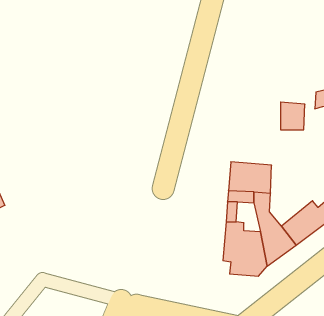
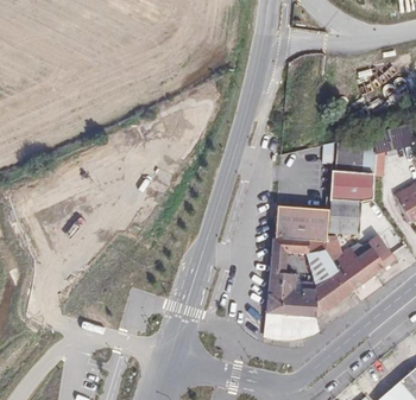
building: none -> [329,172,371,201]
building: none -> [329,205,357,236]
building: none -> [322,242,368,277]

